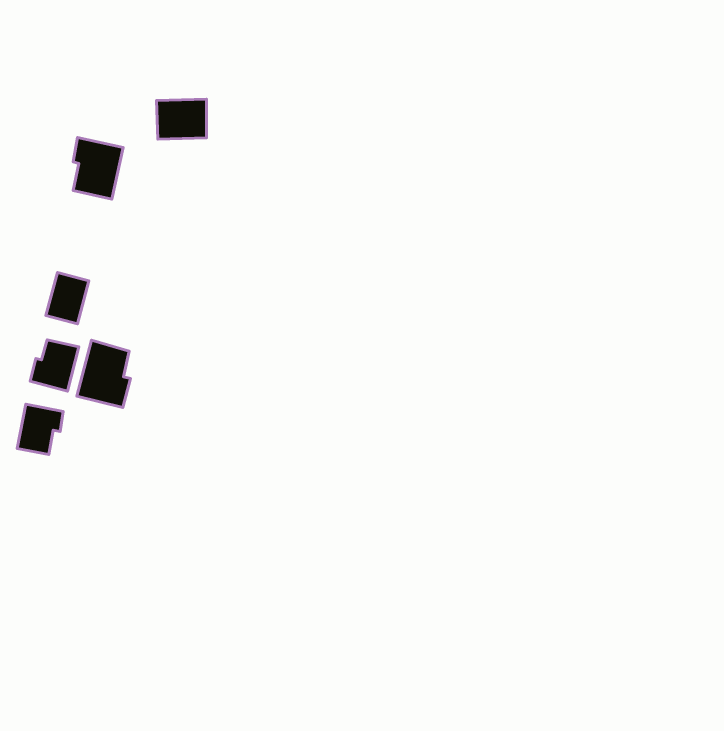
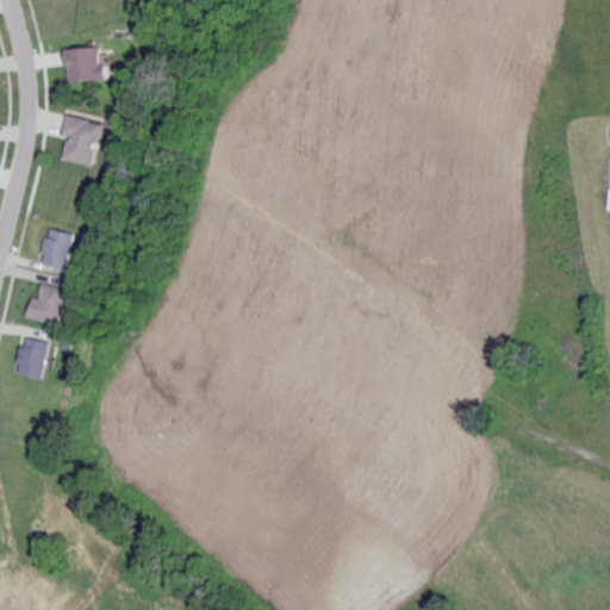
building: [156,99,207,139] -> [63,48,105,81]
building: [77,340,130,407] -> none

